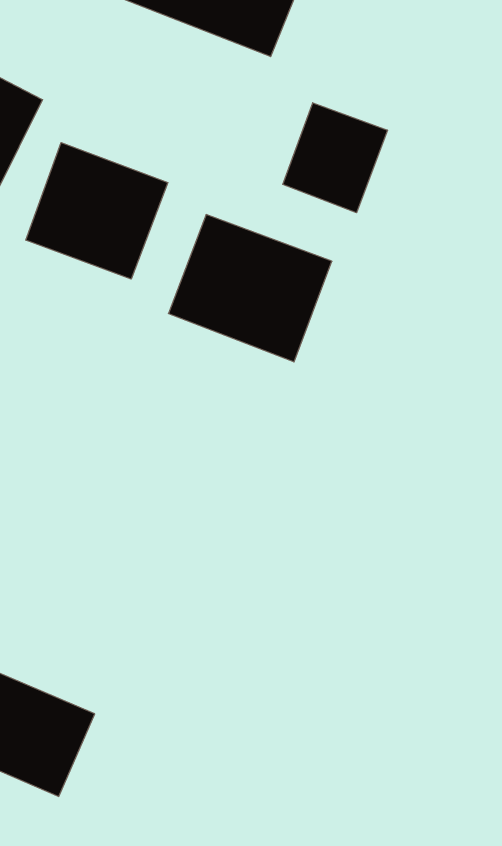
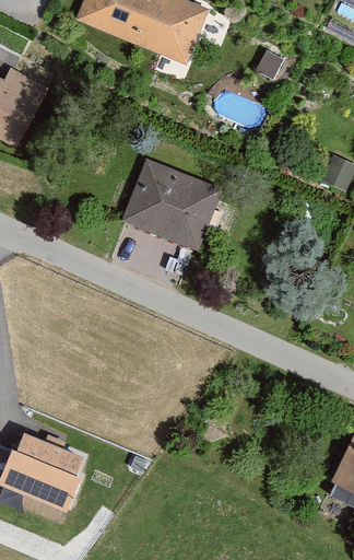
building: [283,103,387,213] -> none
building: [26,143,168,279] -> none

